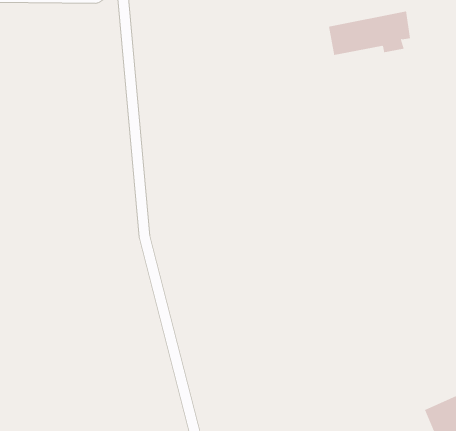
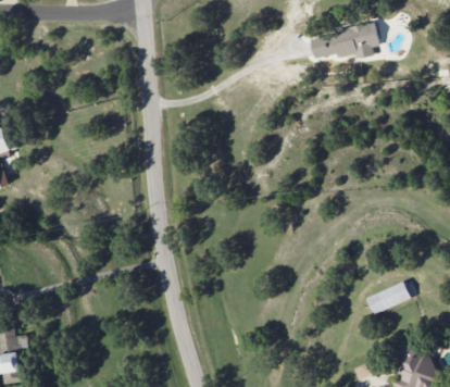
building: none -> [366,280,412,314]

